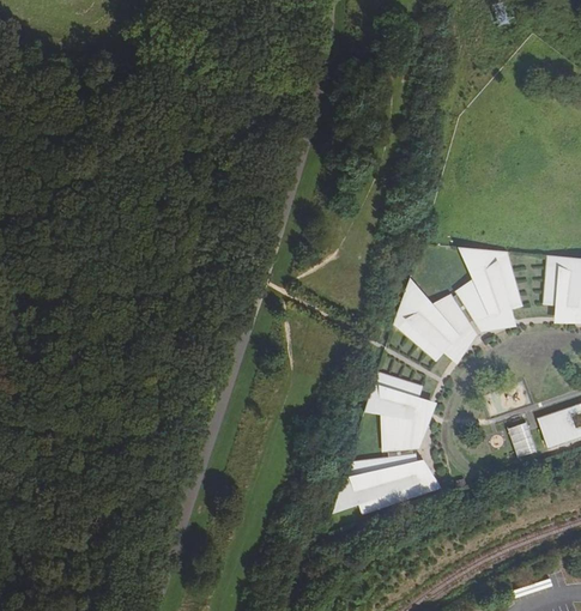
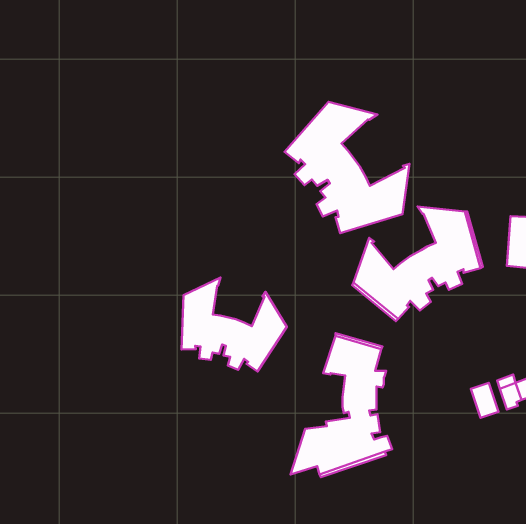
building: none -> [284,102,410,233]
building: none -> [181,278,287,371]

